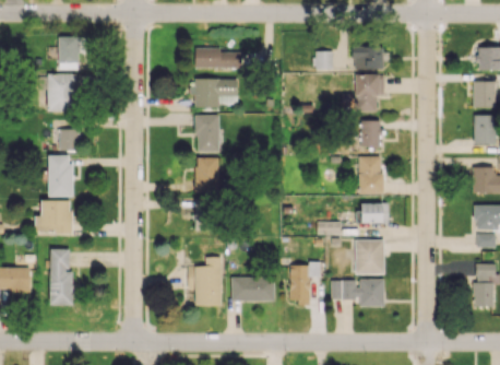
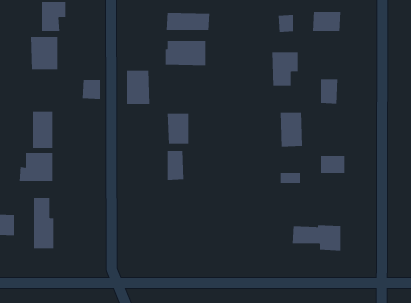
building: [355,74,384,111] -> [271,52,299,86]
building: [197,115,223,152] -> [126,70,150,104]
building: [59,129,80,151] -> [82,79,101,100]
building: [358,156,383,195] -> [280,112,303,147]
building: [356,239,384,274] -> none
building: [188,257,223,306] -> none
building: [289,263,322,305] -> none
building: [231,276,275,301] -> none

